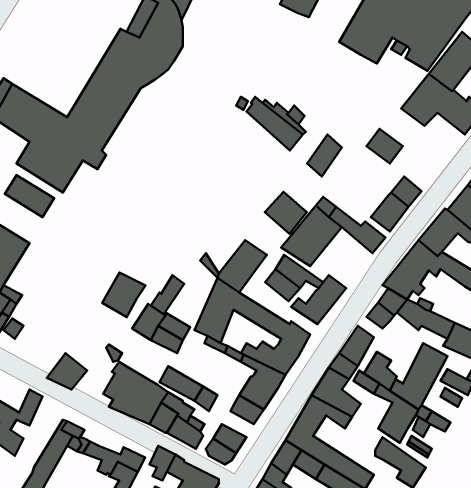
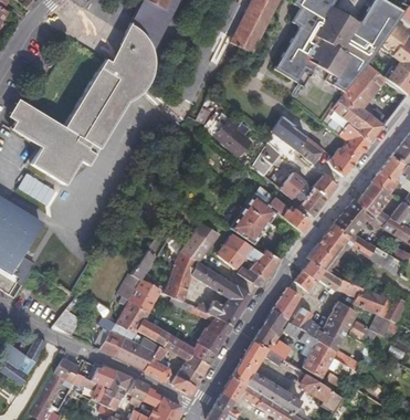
building: none -> [270,116,305,150]
building: none -> [329,125,370,176]
building: [265,192,307,234] -> [280,172,312,204]
building: [102,272,145,317] -> [117,298,150,333]
building: none -> [175,340,209,372]
building: none -> [91,365,132,388]

